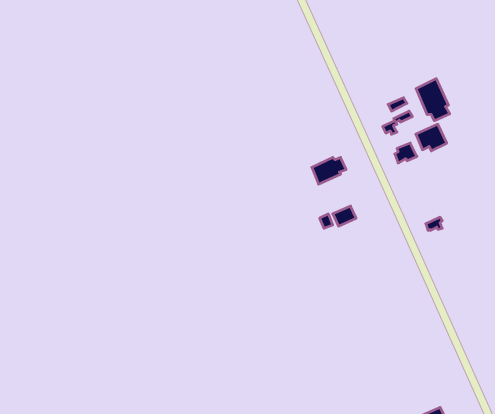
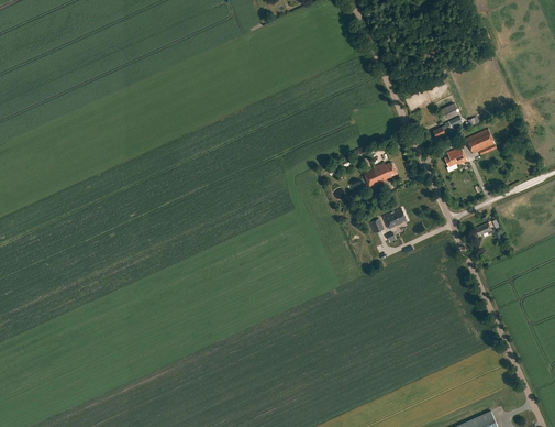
building: [416,79,450,121] -> none

